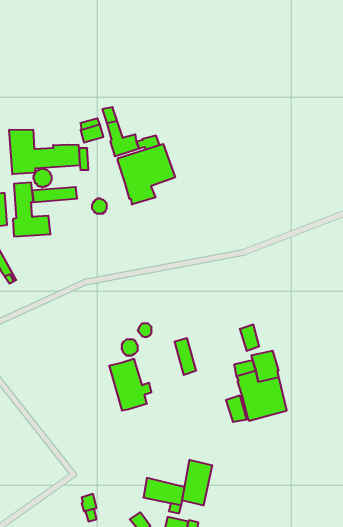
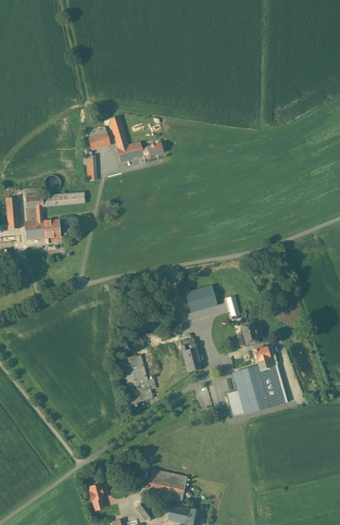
building: [9,130,80,174] -> none
building: [118,144,175,205] -> none
building: none -> [185,285,216,312]
building: [182,460,212,506] -> none

